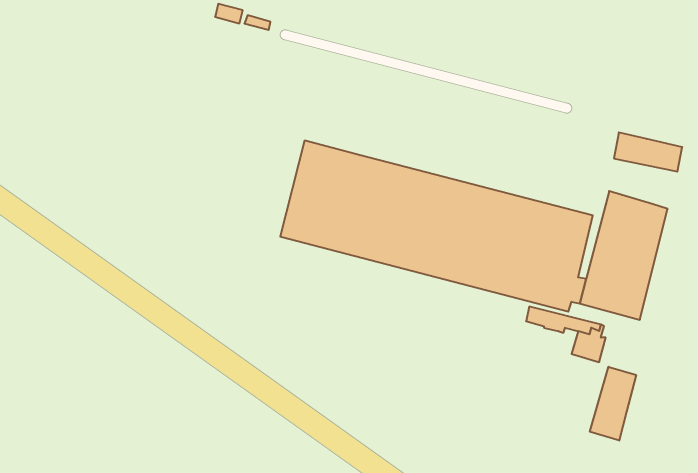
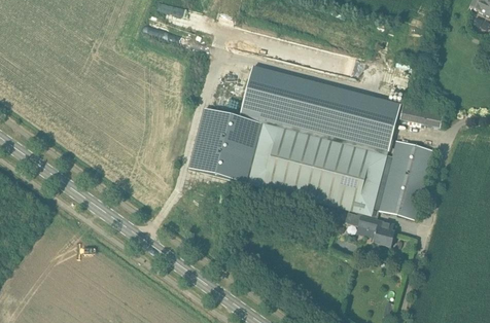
building: none -> [239,65,400,154]
building: [590,367,636,441] -> none

